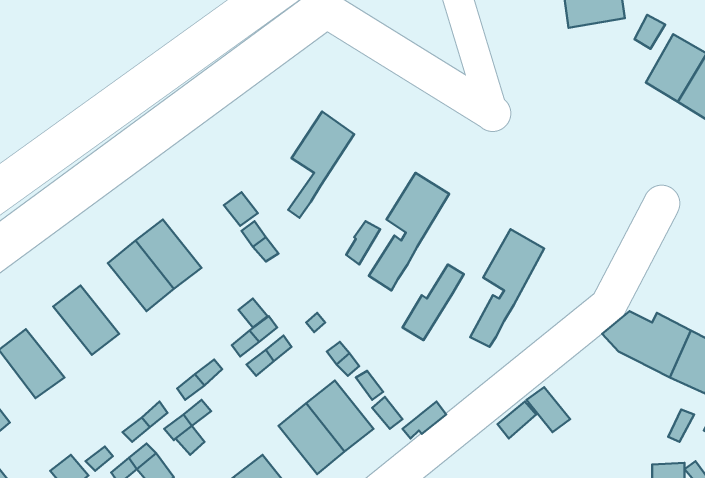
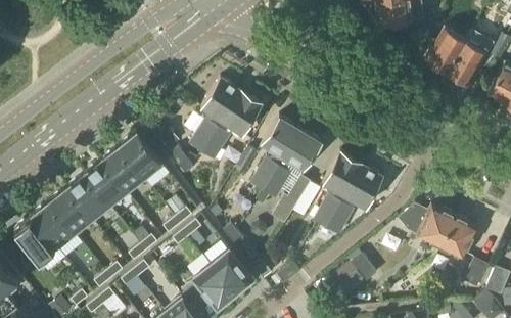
building: none -> [202,92,263,161]
building: none -> [265,130,323,198]
building: none -> [120,132,161,177]
building: none -> [327,165,383,234]
building: none -> [67,174,109,219]
building: none -> [33,201,75,246]

